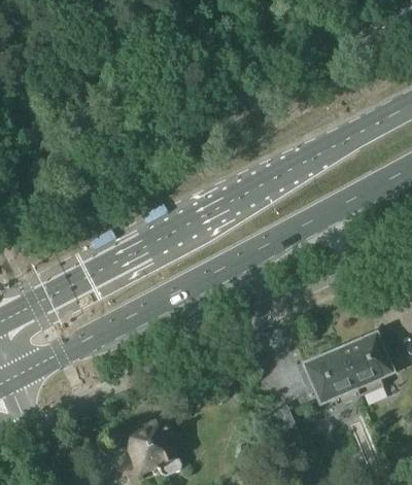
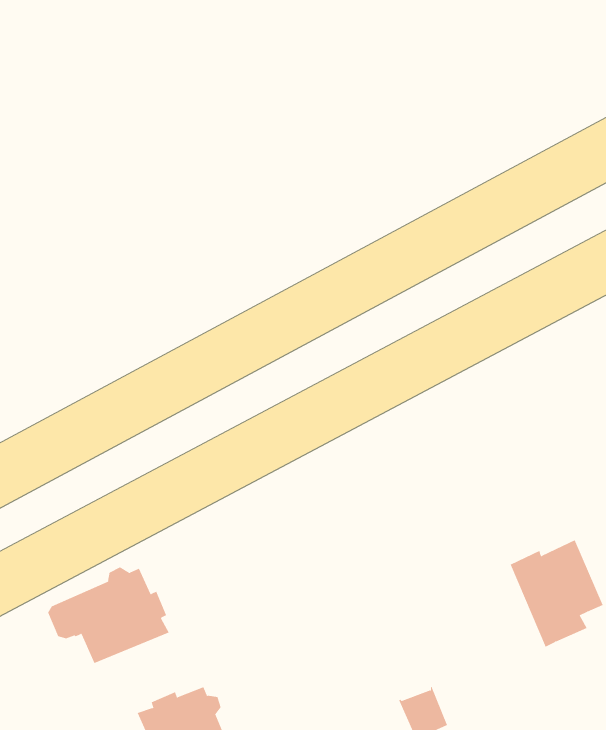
building: [304,347,358,404] -> none
building: none -> [47,566,169,664]

